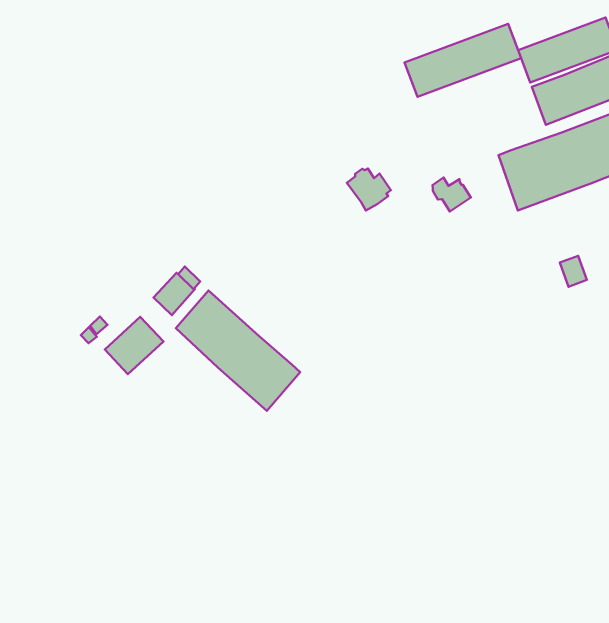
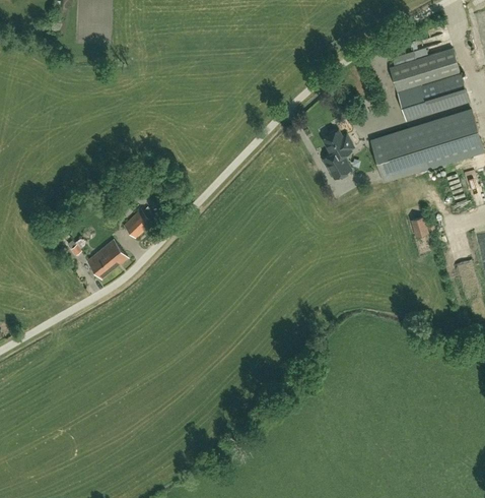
building: [405,24,521,97] -> none
building: [347,169,391,211] -> [323,130,353,160]
building: [176,291,300,411] -> none

